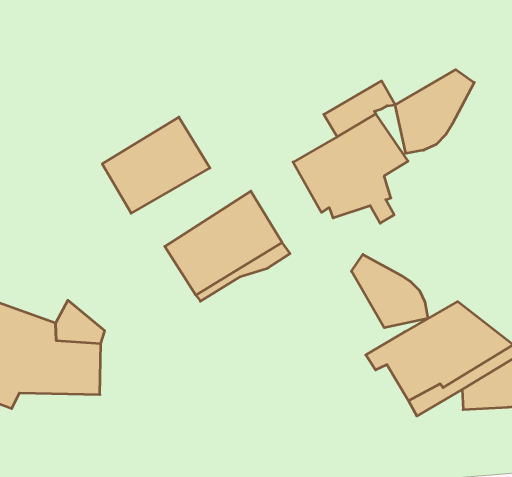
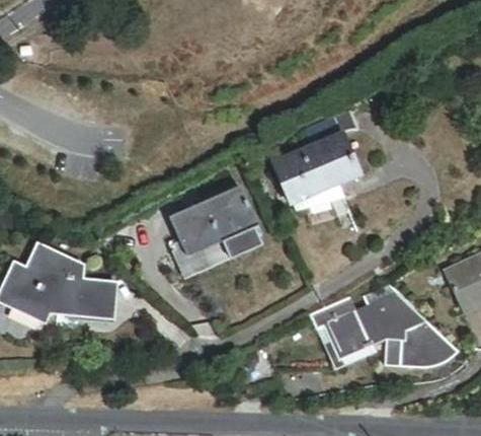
building: [395,70,474,153] -> none
building: [102,117,210,213] -> none
building: [351,254,428,328] -> none

